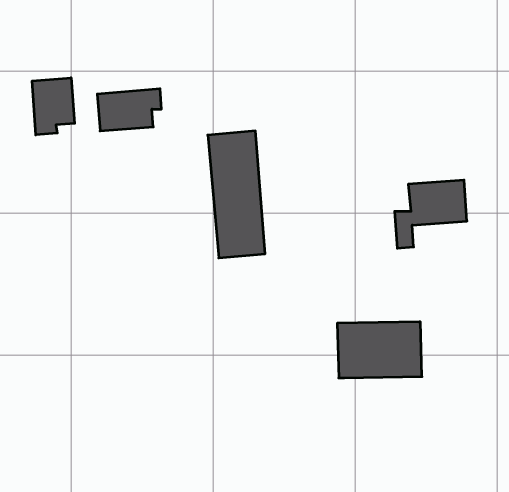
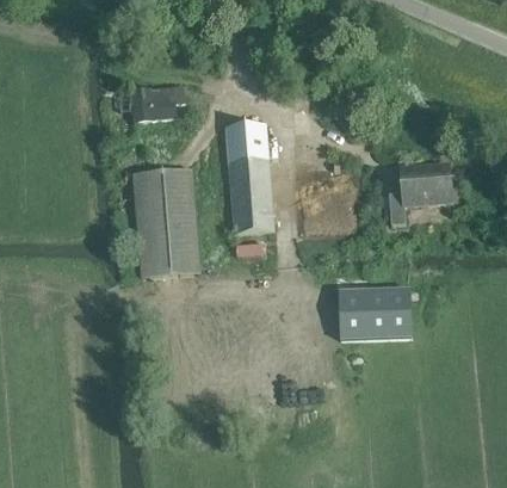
building: [32,78,75,135] -> none
building: none -> [132,168,200,277]

